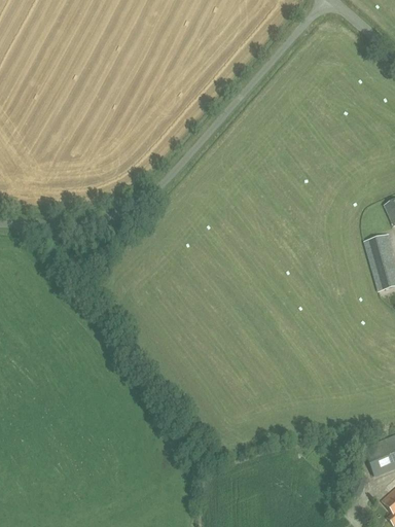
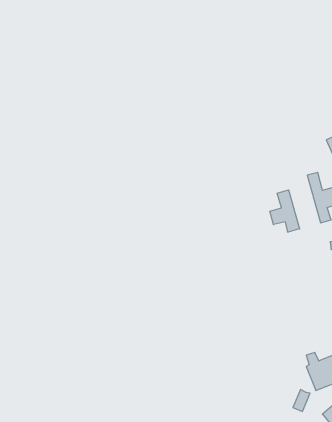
building: none -> [270,190,300,232]

